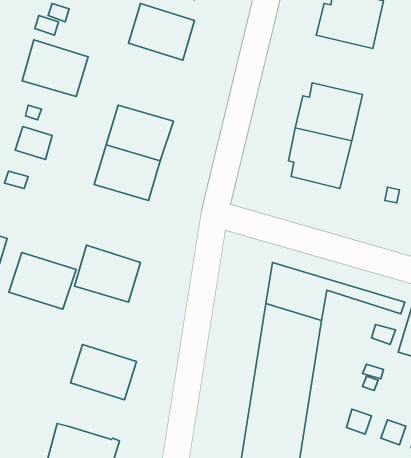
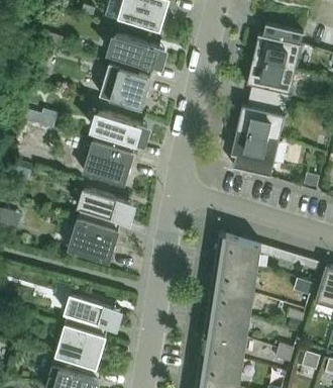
building: none -> [247,59,296,104]
building: [22,40,88,97] -> [100,65,150,108]
building: [9,252,76,309] -> [77,189,128,232]
building: none -> [54,324,106,368]

